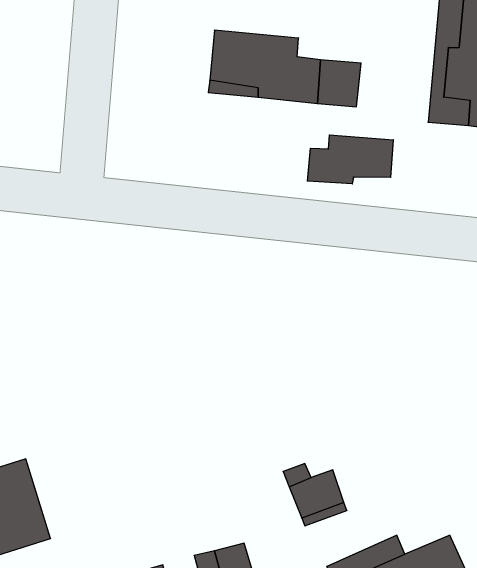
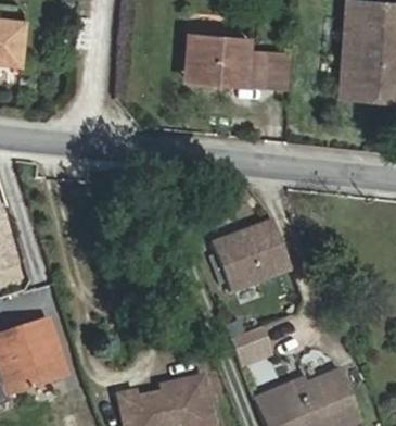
building: [307,135,393,184] -> none
building: none -> [215,223,294,296]

